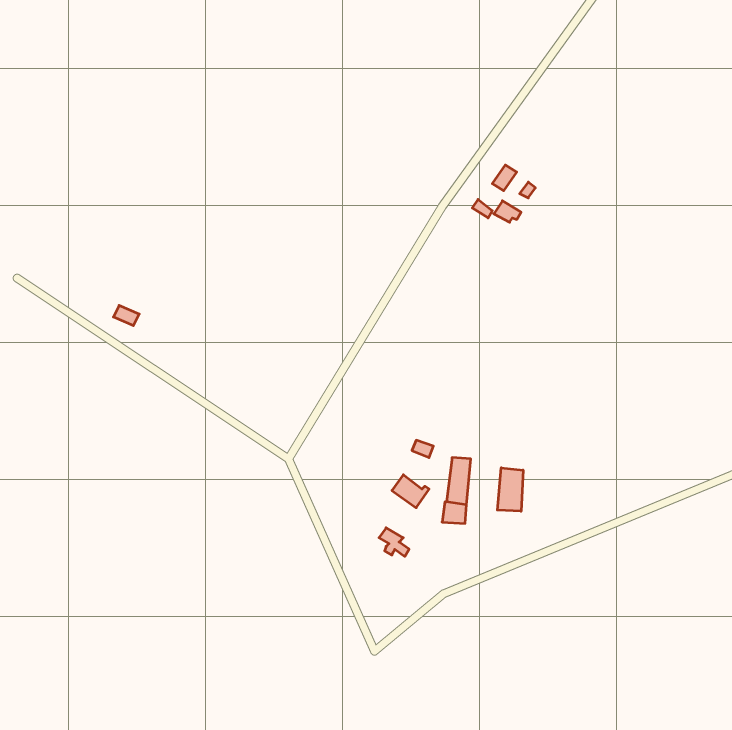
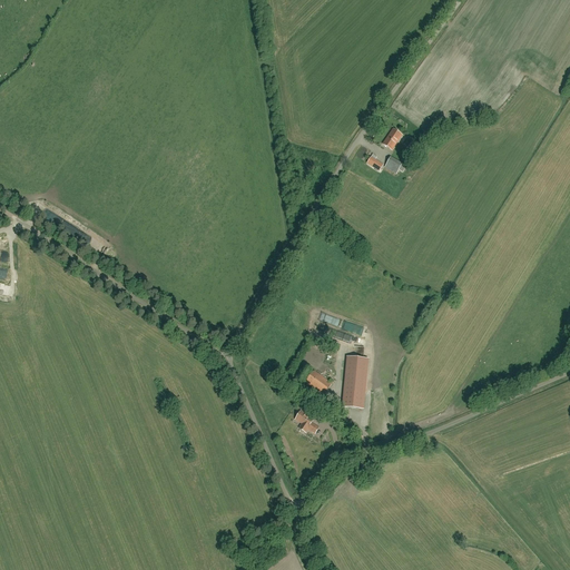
building: [497,468,523,511] -> none

